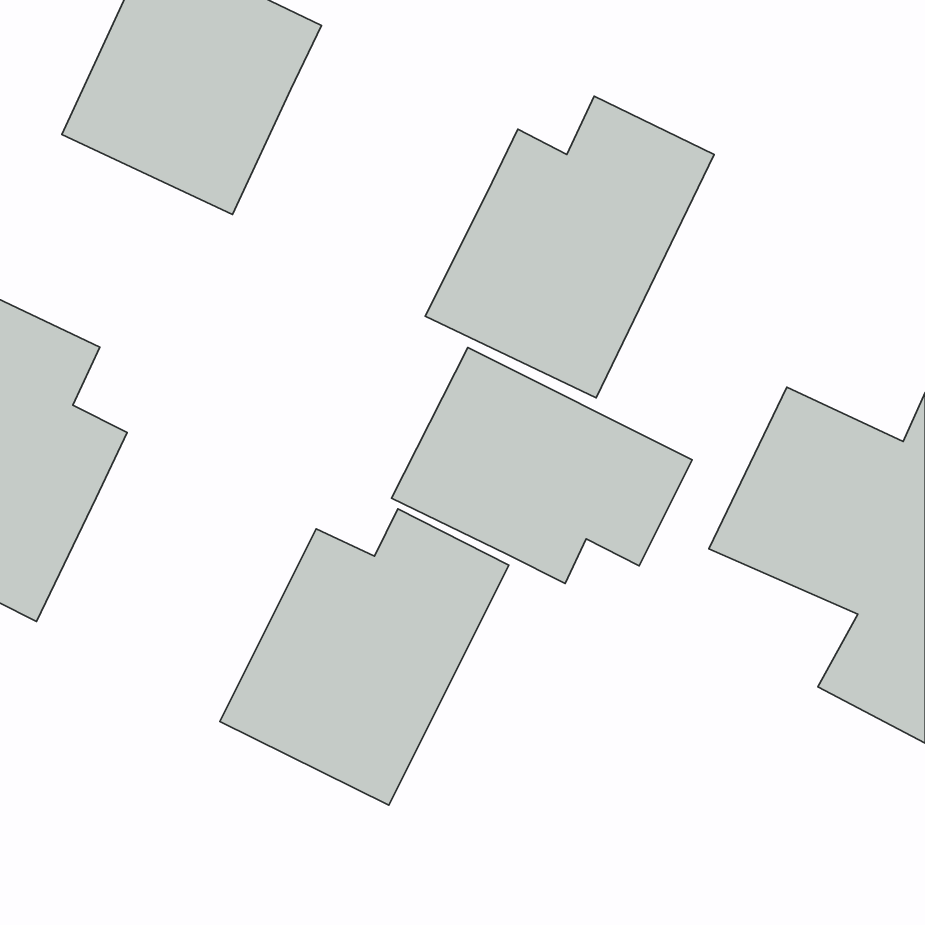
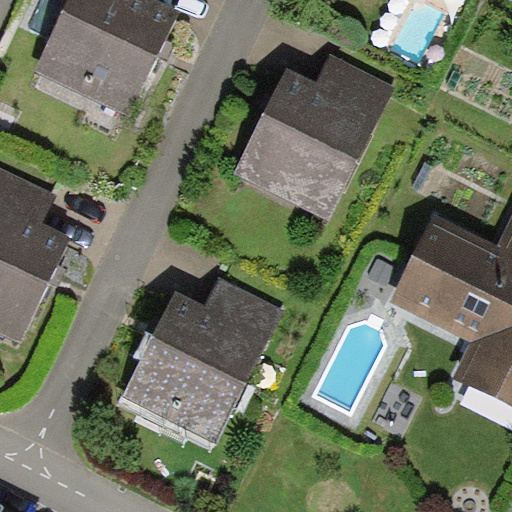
building: [391,348,692,583] -> none

